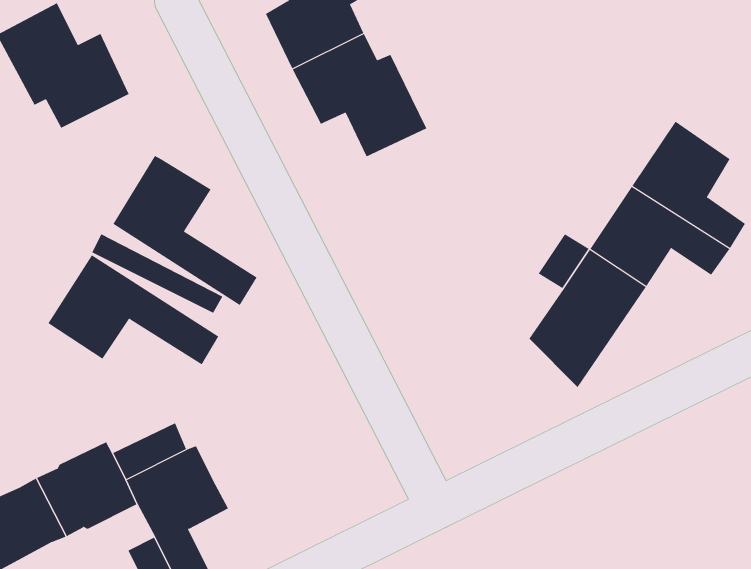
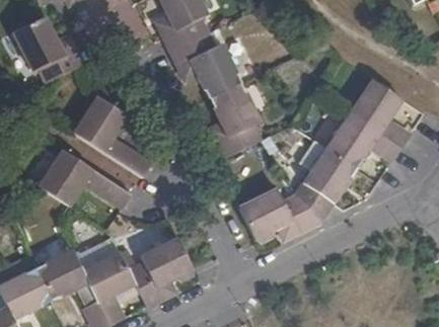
building: none -> [208,83,262,158]
building: none -> [238,187,321,242]
building: none -> [128,236,193,307]

